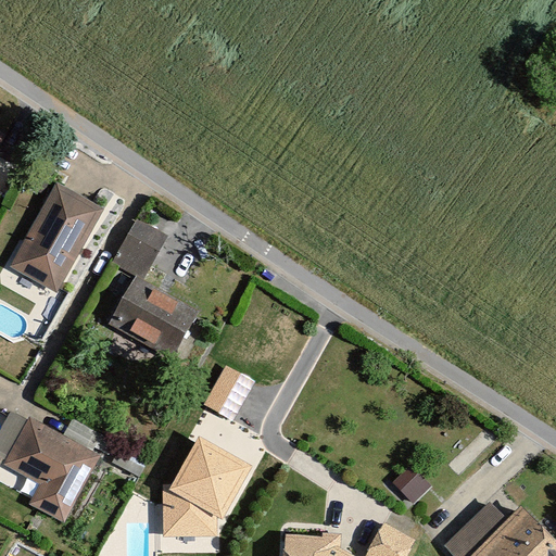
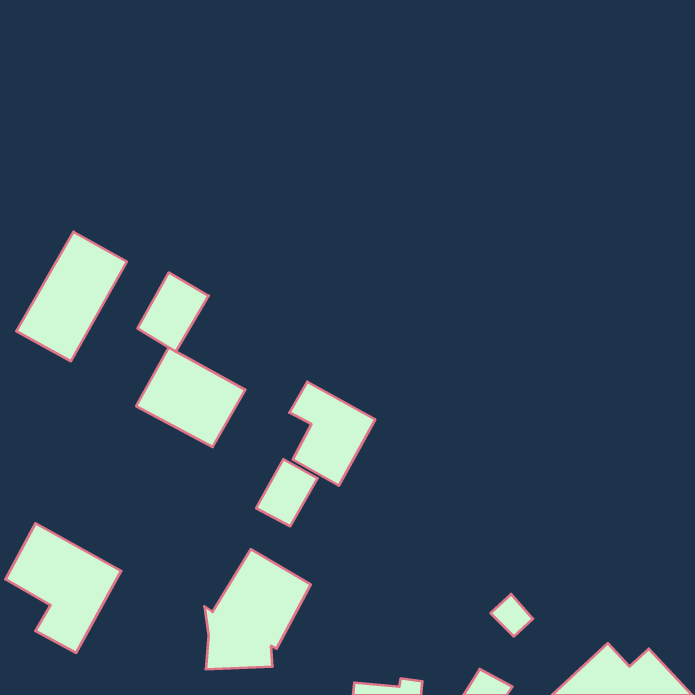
building: none -> [289,382,375,486]

